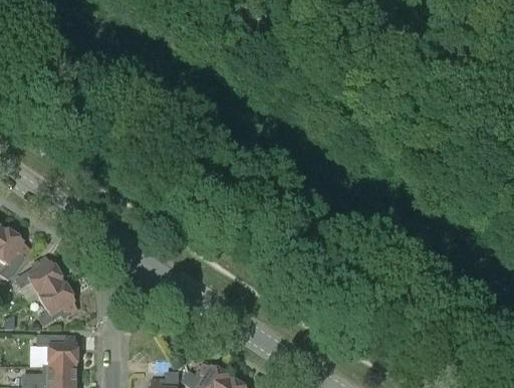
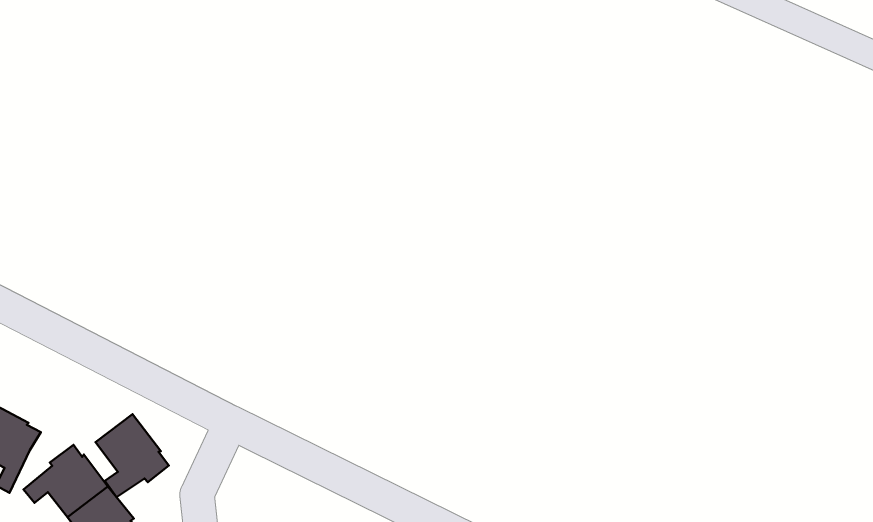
building: none -> [96,414,169,497]

